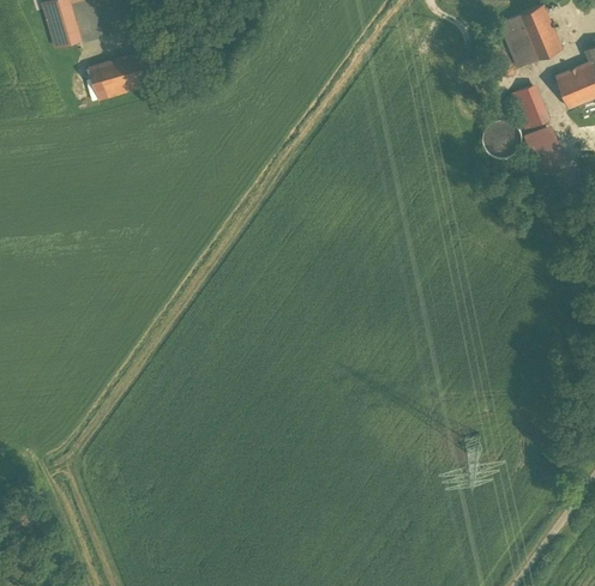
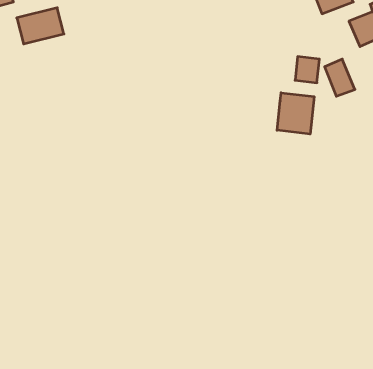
building: [512,81,552,126] -> none
building: none -> [277,93,314,134]

